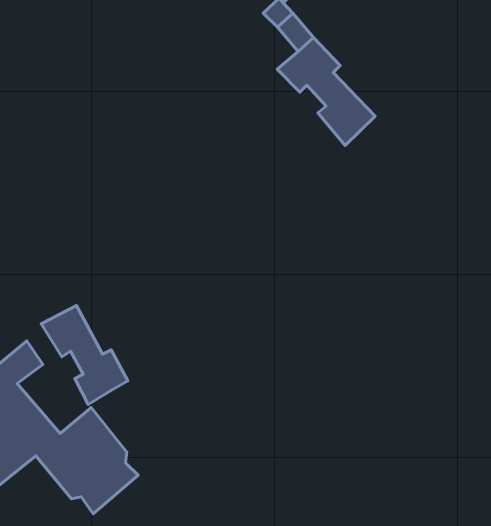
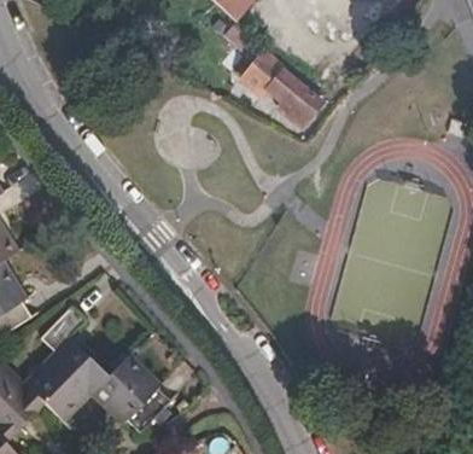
building: [41,305,128,404] -> none

